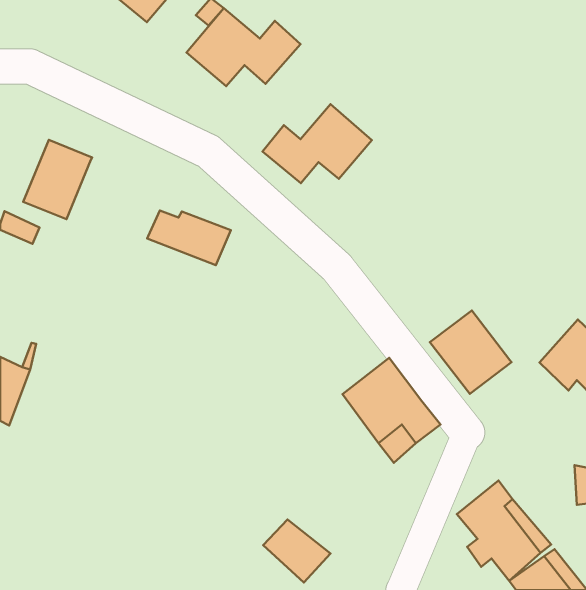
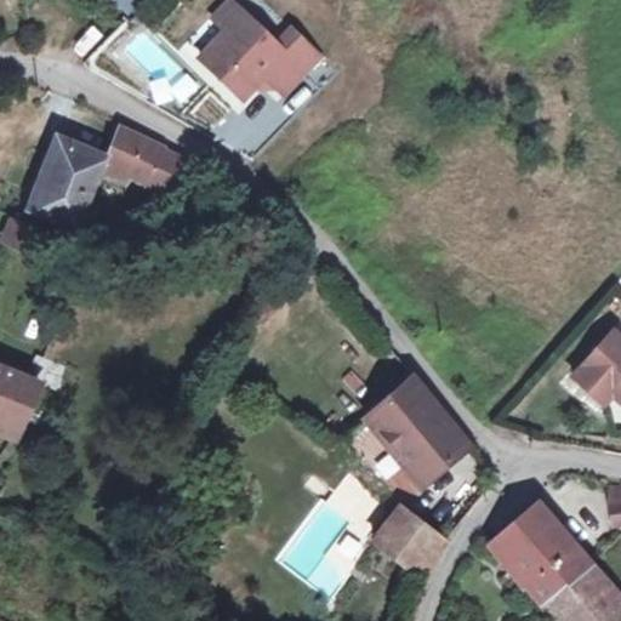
building: [262,104,372,183] -> none
building: [147,210,231,265] -> [104,137,192,194]
building: [430,310,512,394] -> none
building: [263,520,331,583] -> [374,503,444,569]

